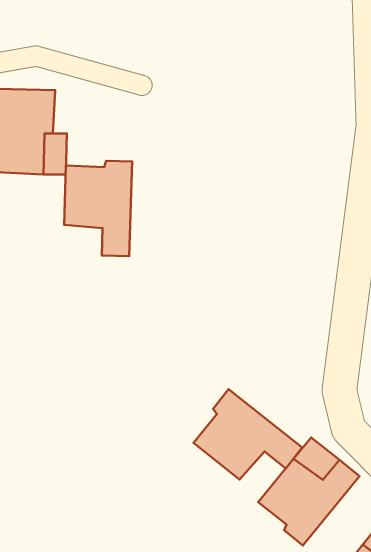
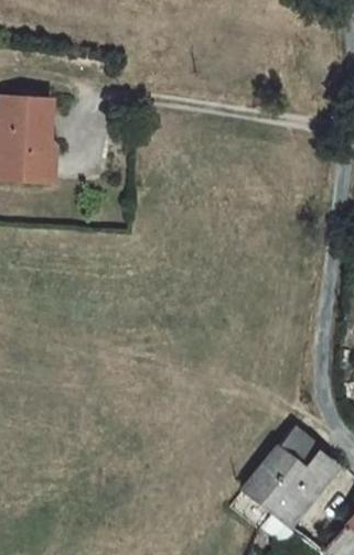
building: [64,161,132,256] -> none
building: [194,389,302,479] -> none

